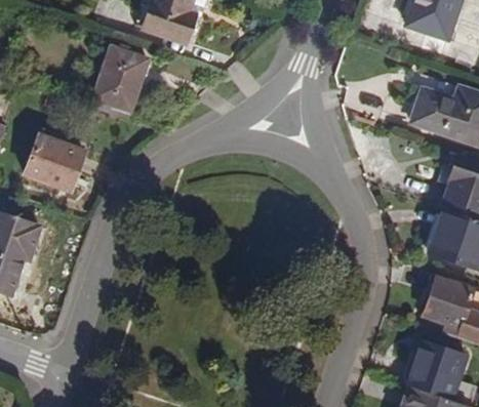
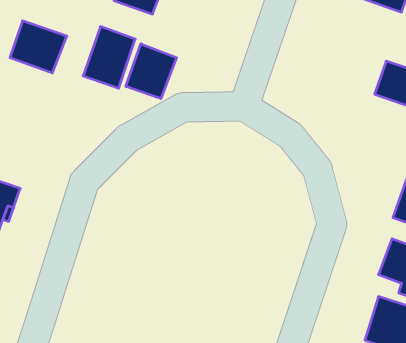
building: none -> [126,44,177,99]
building: [26,126,86,181] -> [10,21,67,73]

